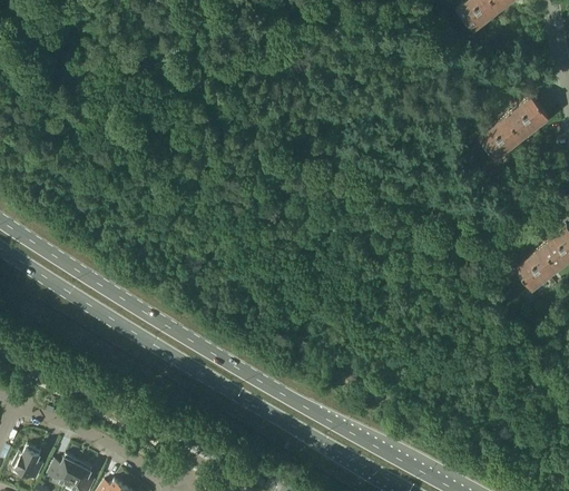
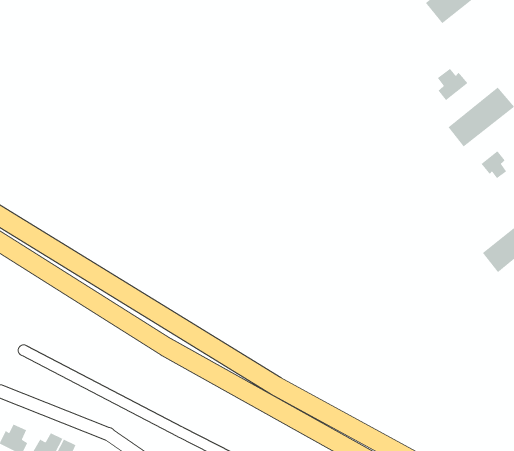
building: none -> [437,68,468,101]
building: none -> [480,150,507,179]

